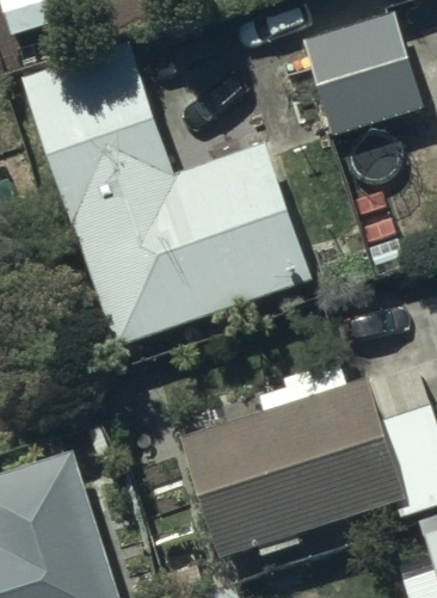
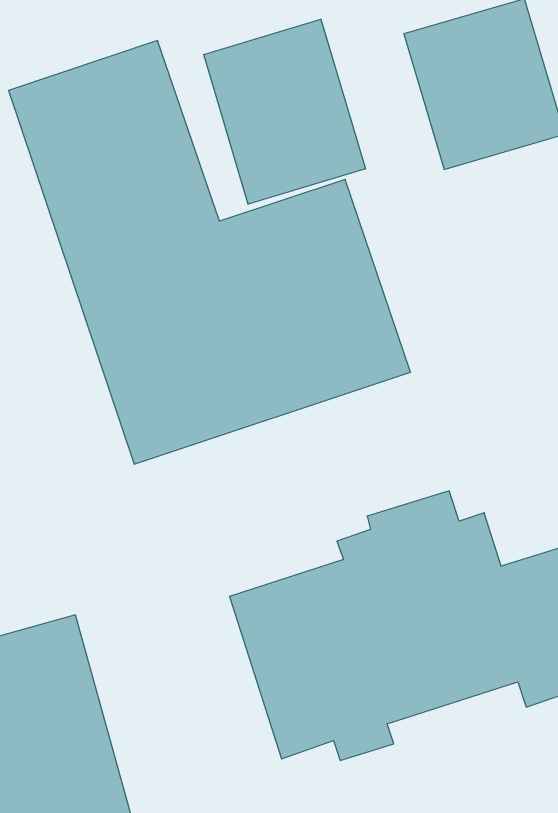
building: none -> [204,19,365,204]

